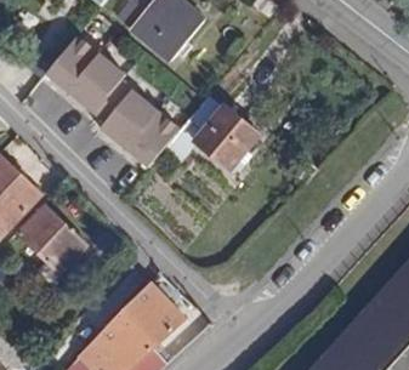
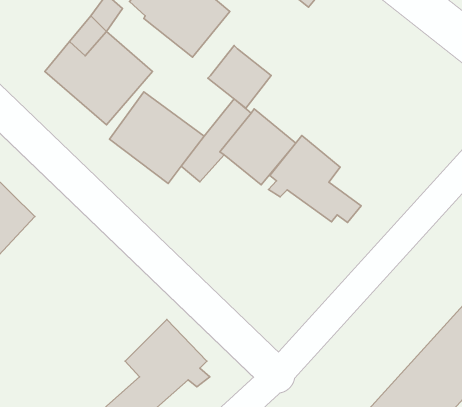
building: none -> [208,46,271,108]
building: none -> [268,136,361,222]
building: [17,205,84,272] -> none

